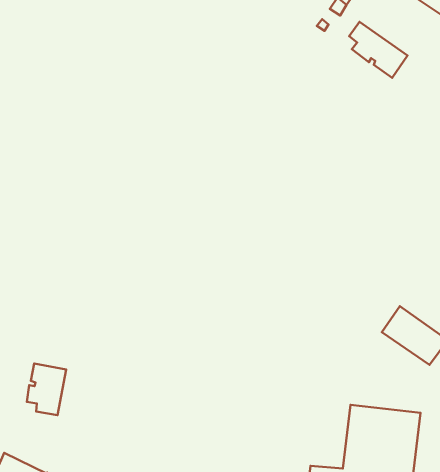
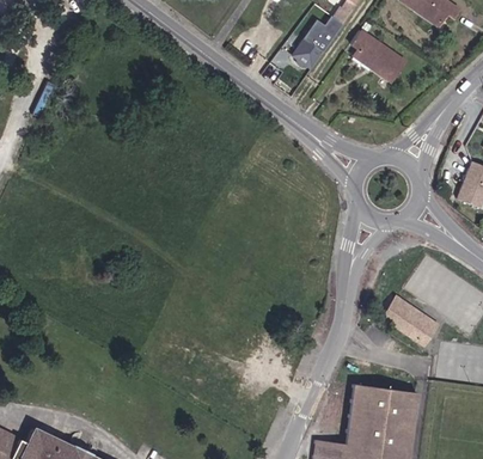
building: none -> [296,32,326,66]
building: [27,363,66,415] -> none

